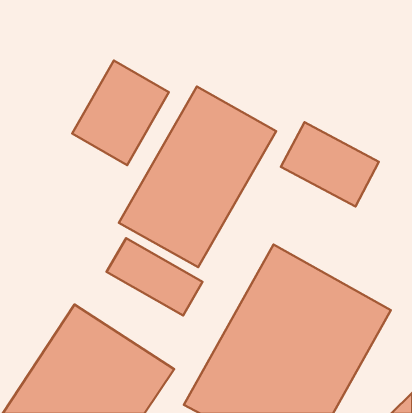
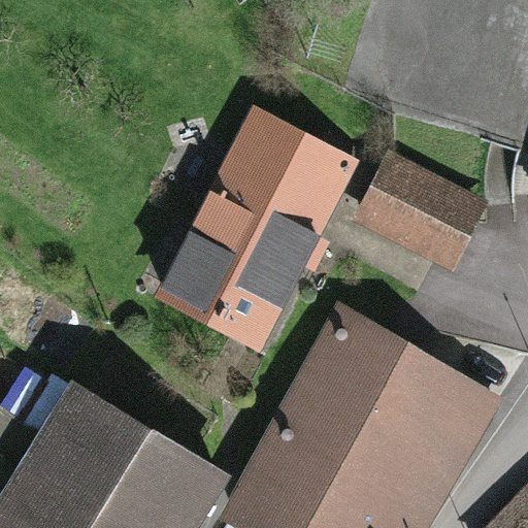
building: [72,61,169,165] -> none
building: [107,238,202,316] -> none

